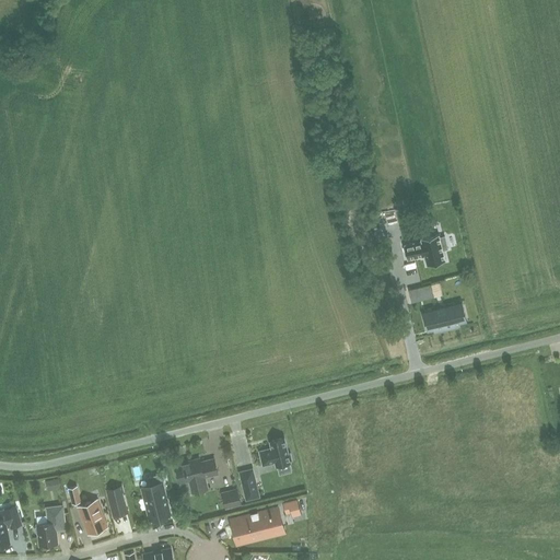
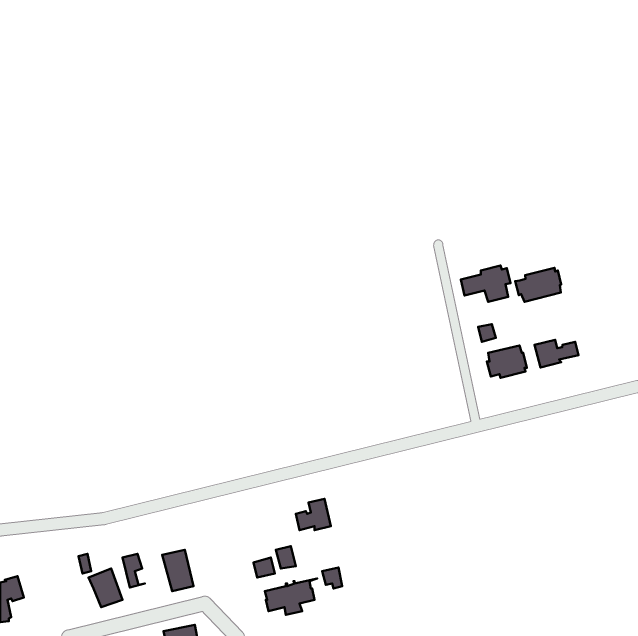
building: none -> [515,268,561,302]
building: none -> [535,340,579,367]
building: [176,459,218,493] -> none
building: [36,506,66,548] -> none

